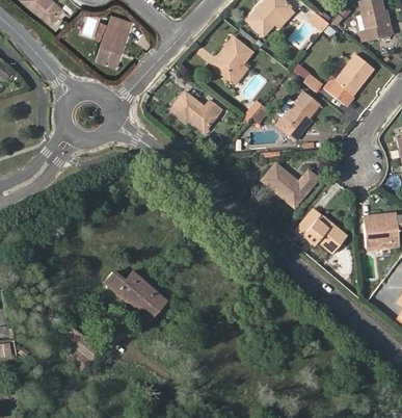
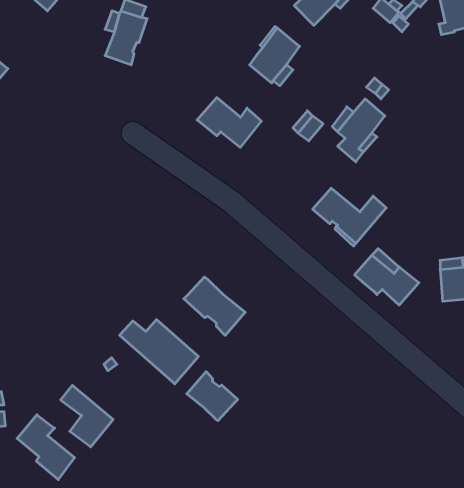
building: [323,56,372,108] -> none
building: none -> [184,277,245,335]
building: none -> [187,372,238,421]
building: none -> [17,415,75,480]

